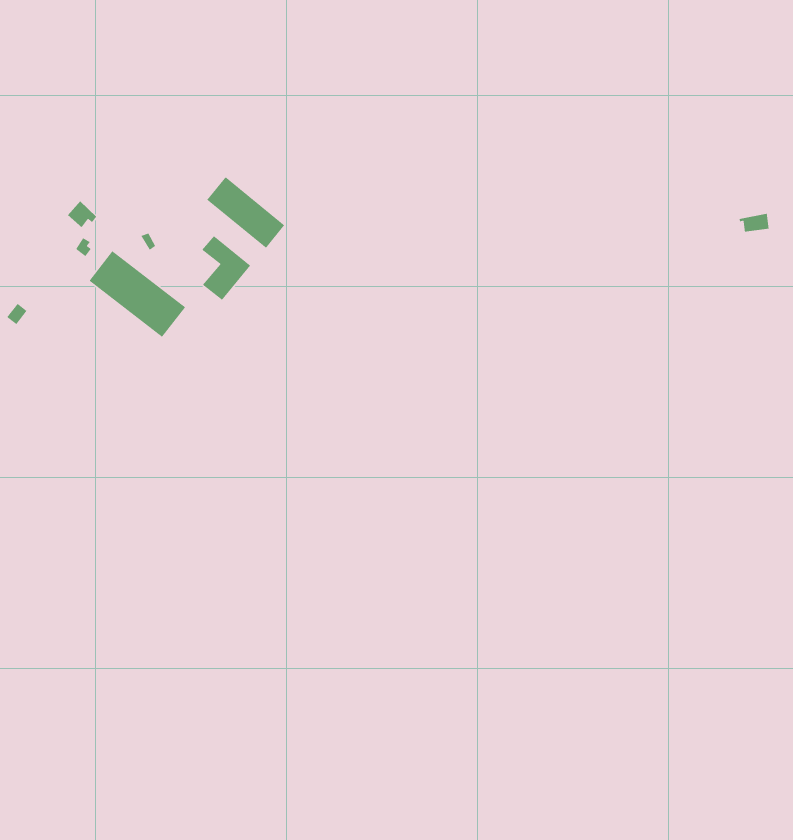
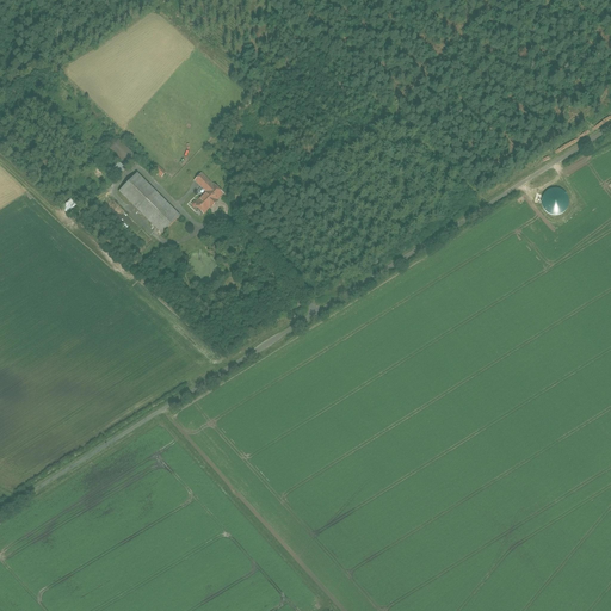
building: [206,176,285,249] -> none

